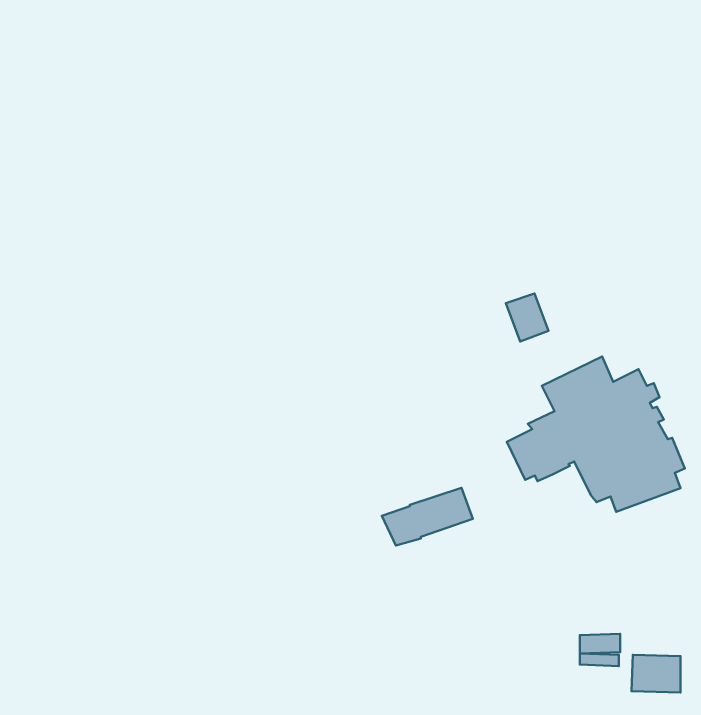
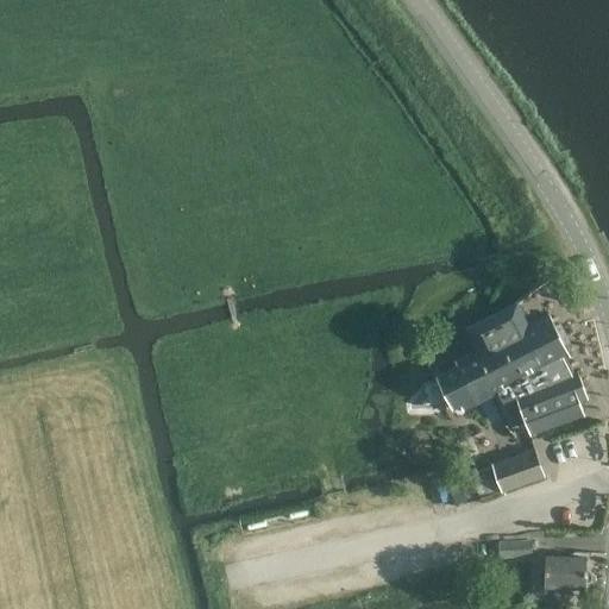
building: [506,293,548,342] -> none
building: [382,488,473,545] -> [466,450,544,498]

